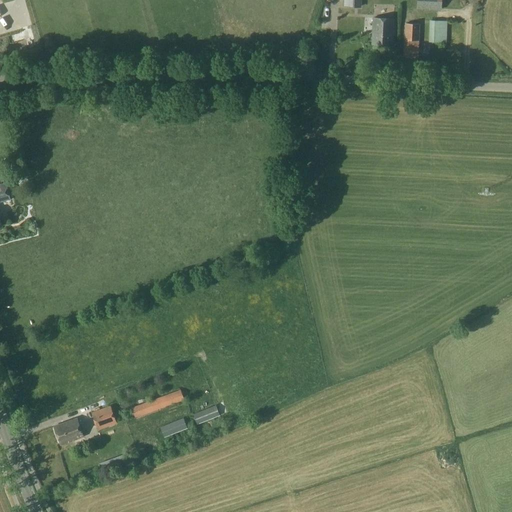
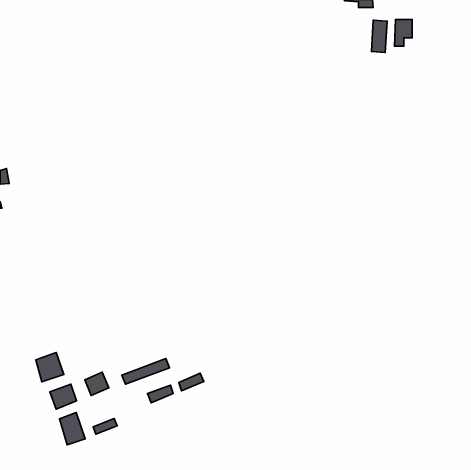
building: [372,17,393,44] -> none
building: none -> [36,353,64,382]
building: none -> [59,413,85,445]

